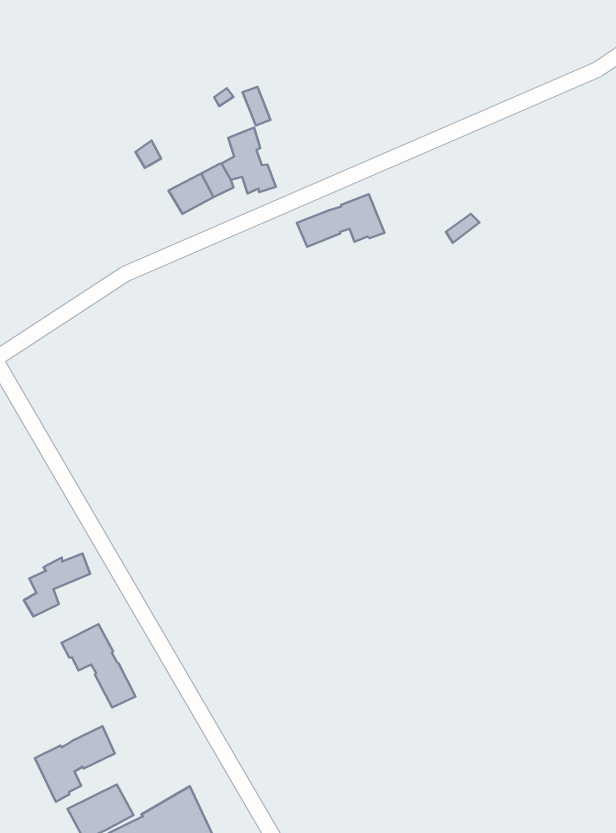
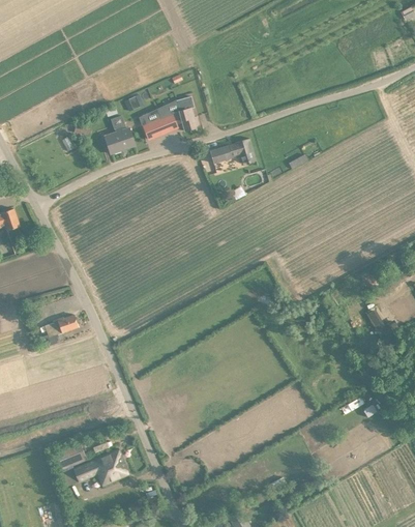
building: none -> [102,127,134,153]
building: [61,624,136,708] -> none
building: [35,726,115,802] -> none

